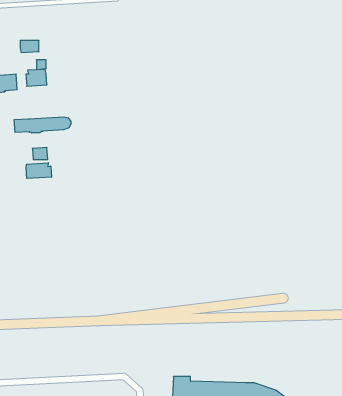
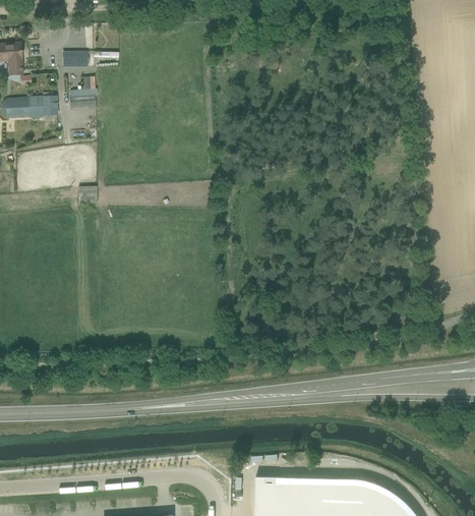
building: [14,117,71,133] -> none
building: [26,163,51,178] -> none

